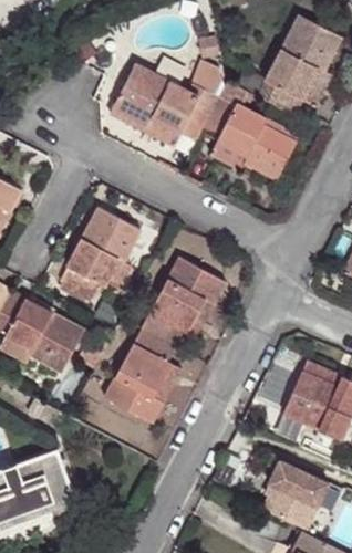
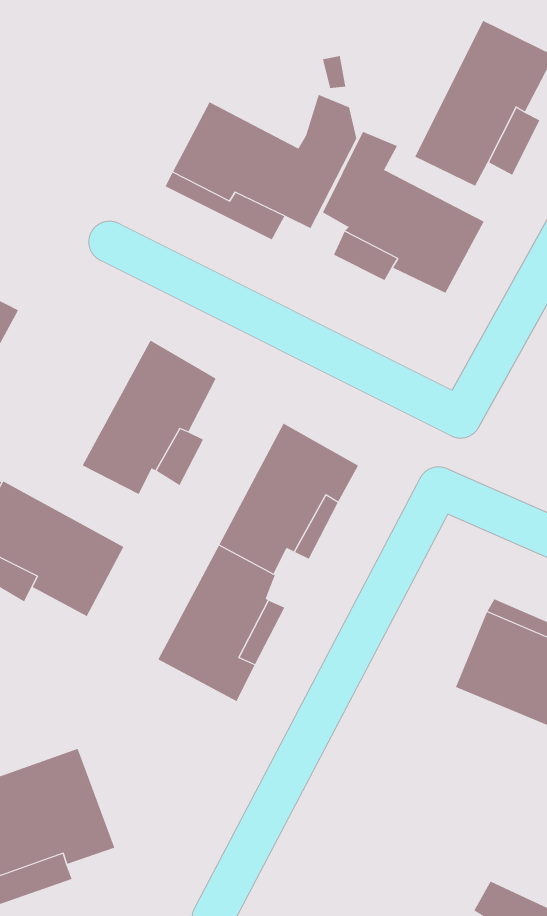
building: [261,460,328,529] -> none

